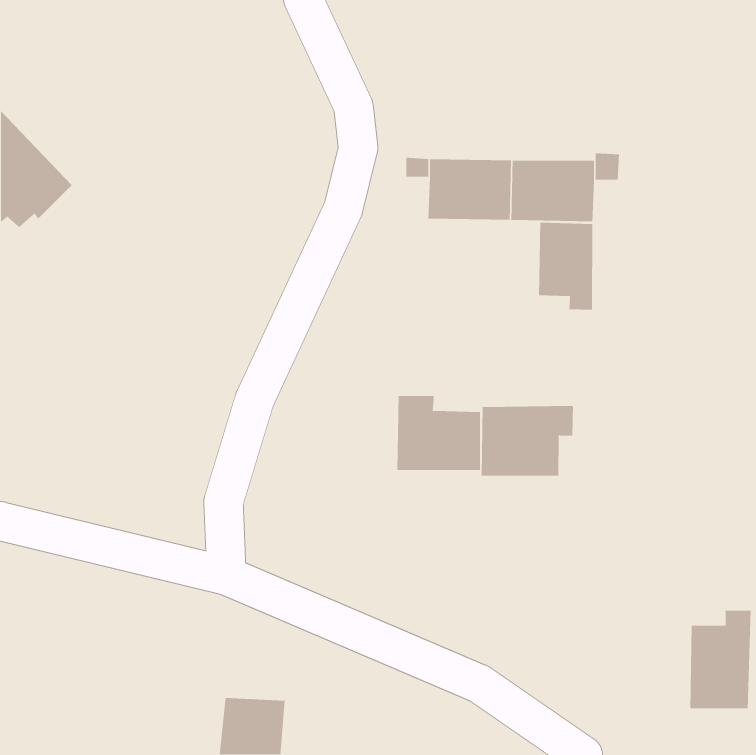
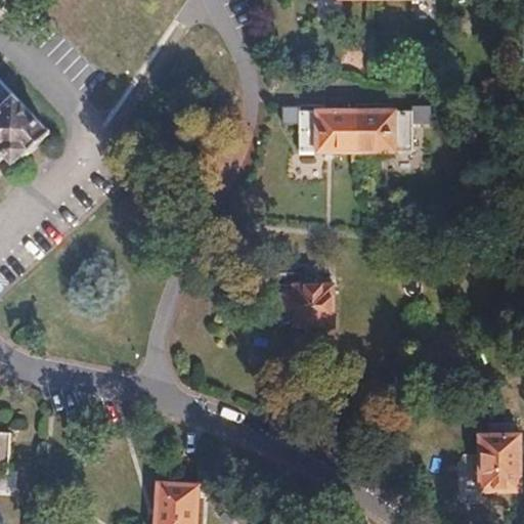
building: [538,222,593,311] -> none
building: [481,405,574,476] -> none

